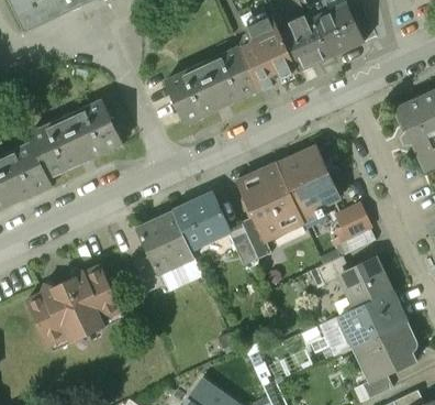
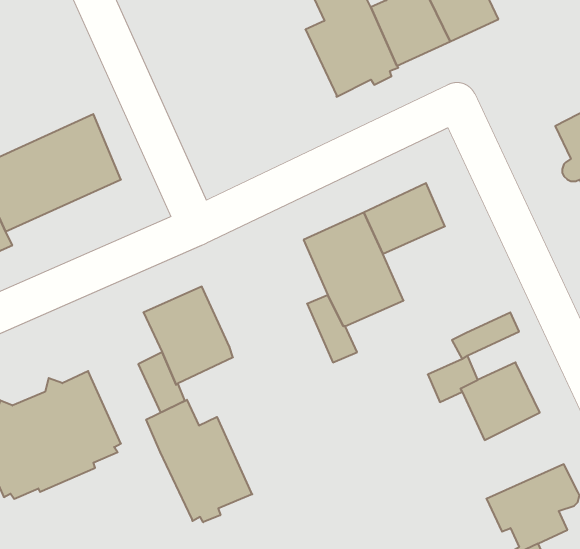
building: [165,47,258,123] -> none
building: [288,173,338,221] -> none
building: [172,193,230,250] -> none
building: [335,204,369,241] -> none
building: none -> [146,400,252,522]
building: [319,292,403,355] -> none

